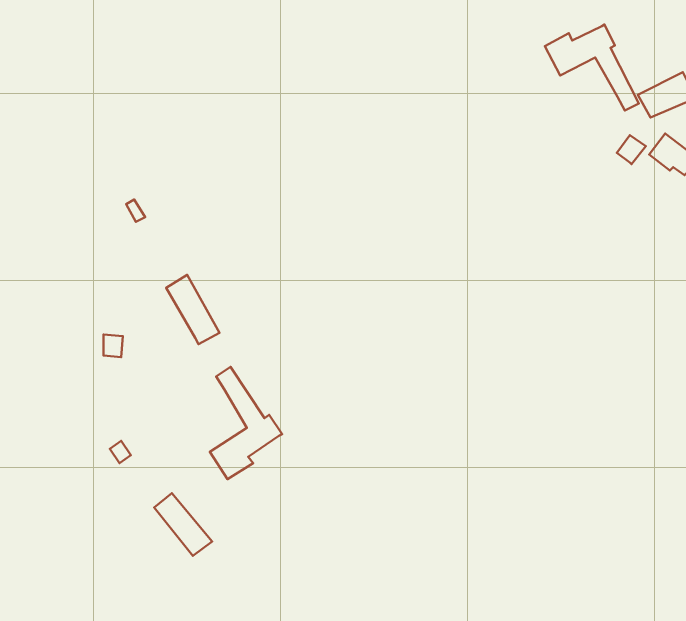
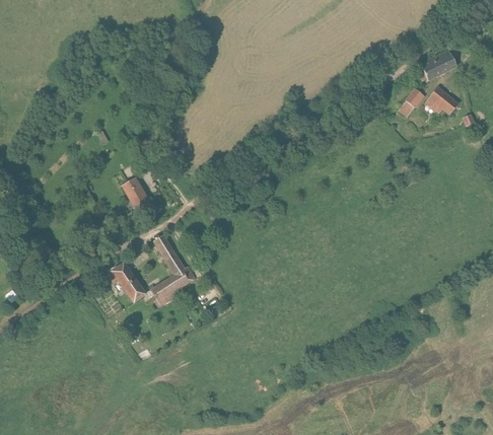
building: [545,24,639,110] -> none
building: [154,493,212,556] -> [112,263,148,302]

